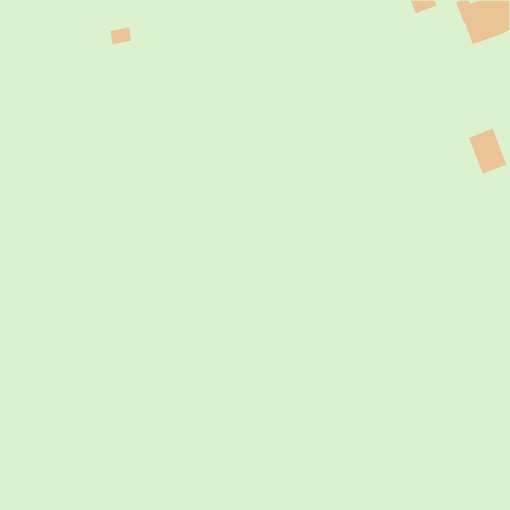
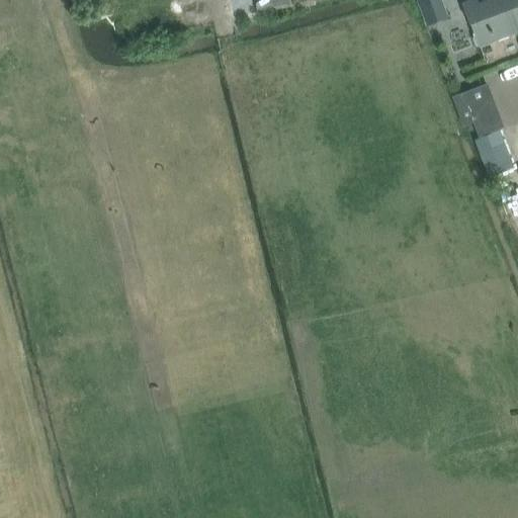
building: none -> [451,83,506,137]

